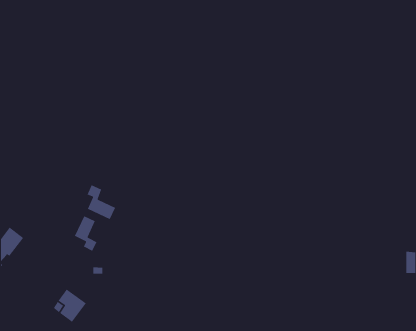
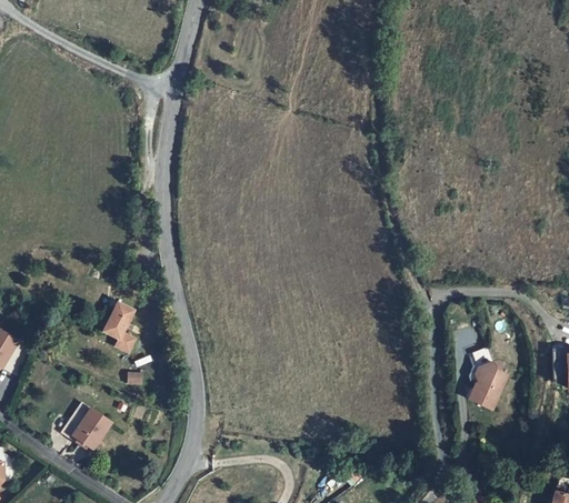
building: [87,184,116,220] -> none
building: none -> [469,360,511,414]

